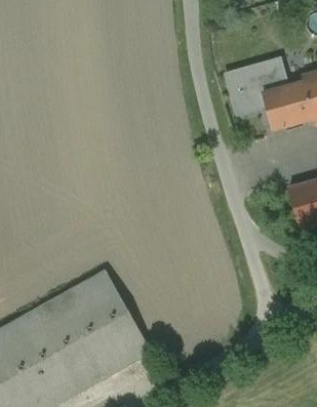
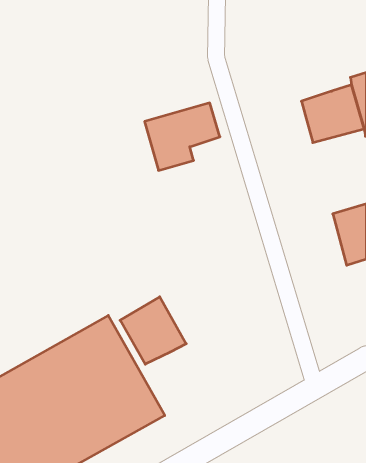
building: [226,58,287,114] -> [145,103,220,170]
building: none -> [120,297,186,364]

